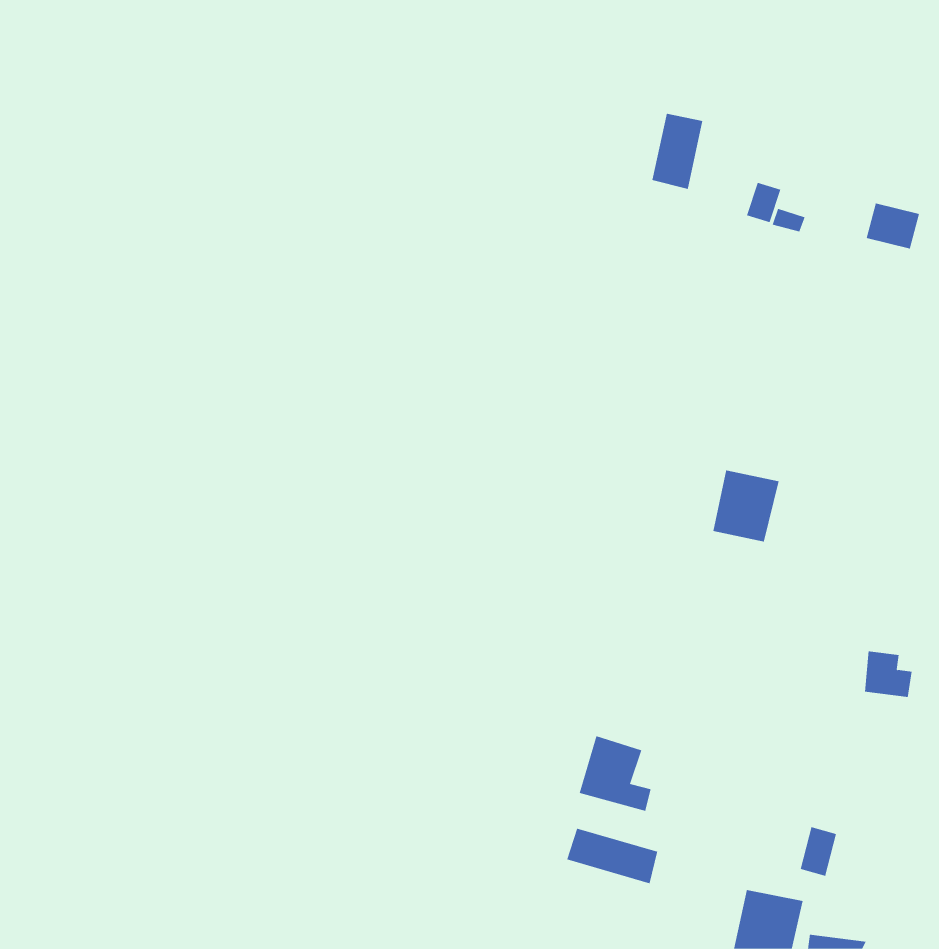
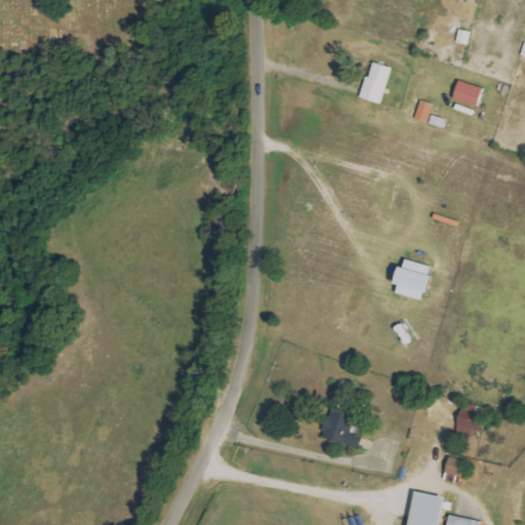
building: [866,203,920,249] -> [451,81,481,107]
building: [864,651,912,697] -> [455,410,482,436]
building: [567,828,658,884] -> none

